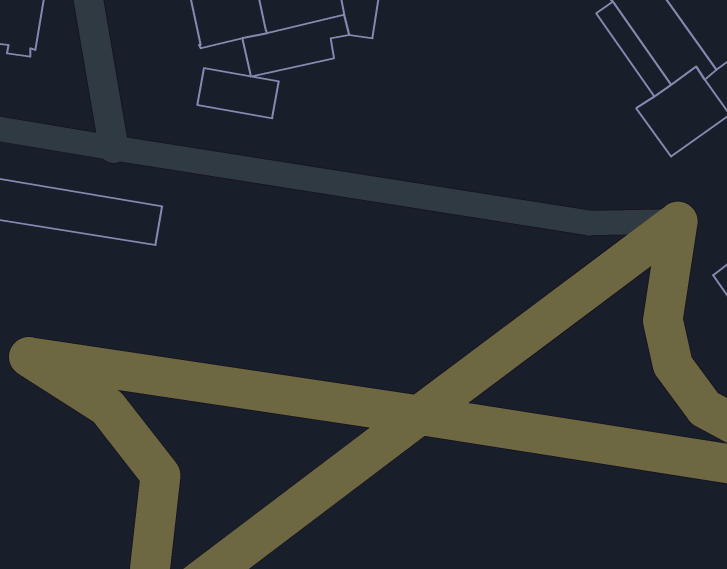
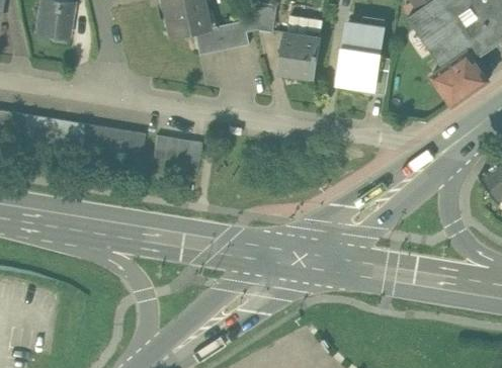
building: none -> [331,18,381,89]
building: none -> [280,32,322,78]
building: [197,68,279,118] -> [154,135,203,166]

